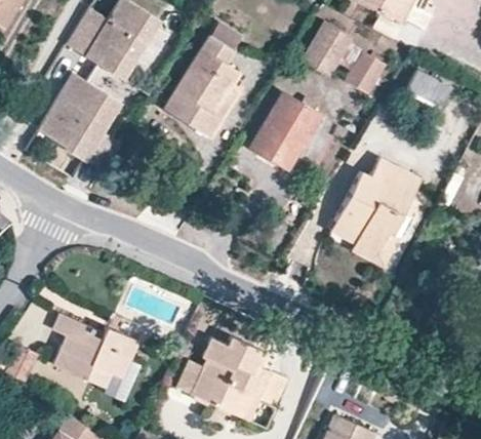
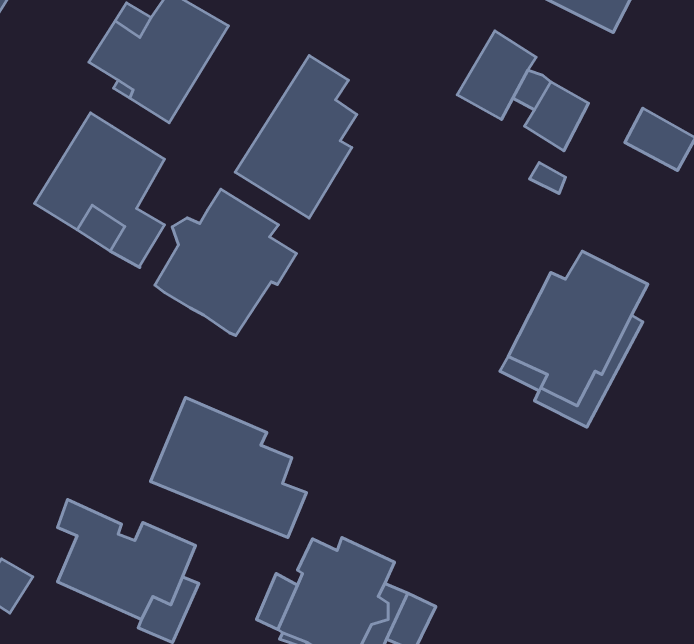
building: [251,93,320,168] -> none
building: none -> [155,189,296,336]
building: none -> [150,398,306,537]

